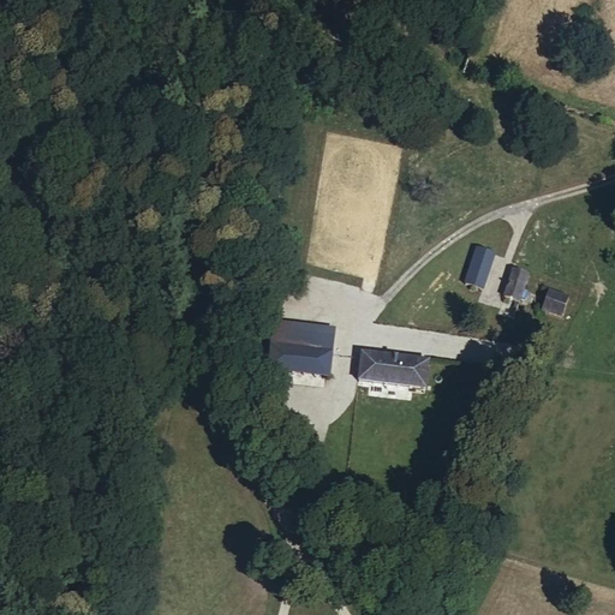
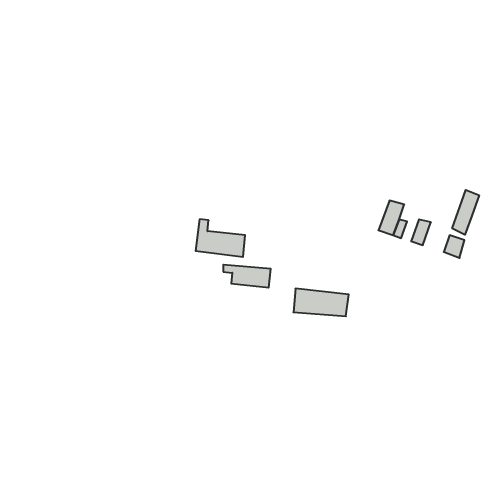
building: none -> [452,190,479,235]
building: [270,330,330,376] -> [196,219,245,257]

